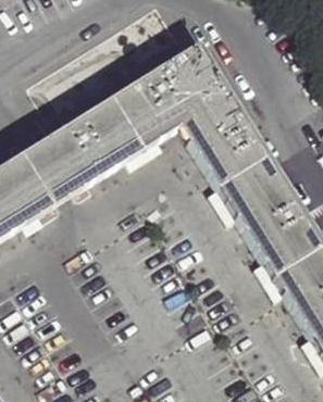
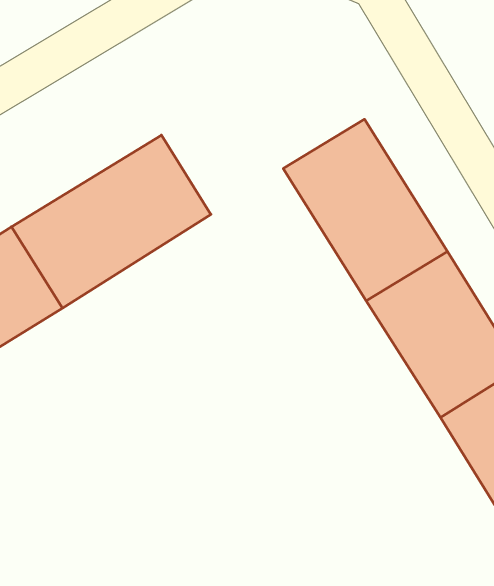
building: [105,41,231,150] -> none

